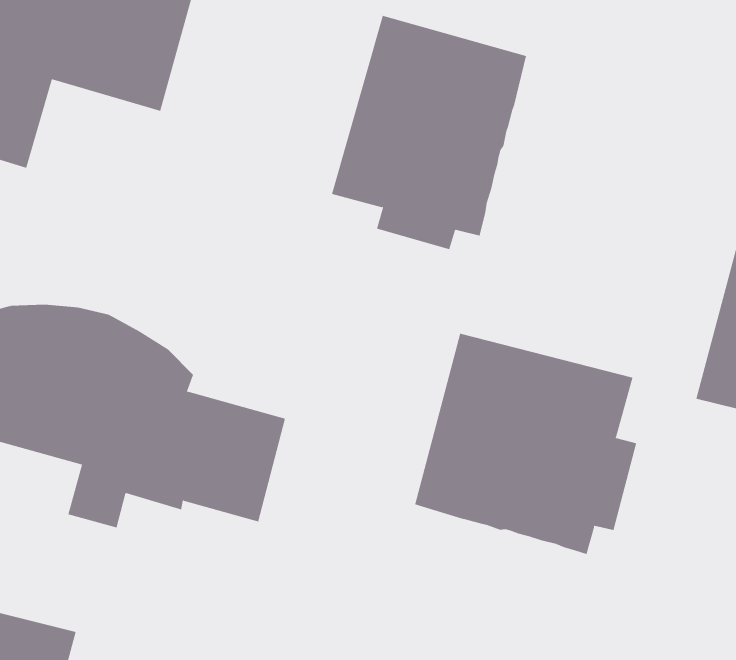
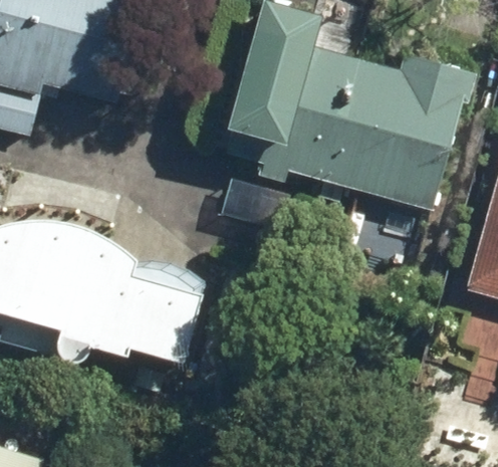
building: none -> [325,53,465,203]
building: [415,333,637,555] -> none

